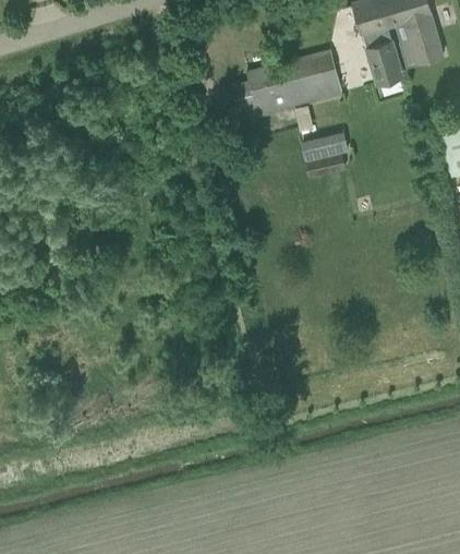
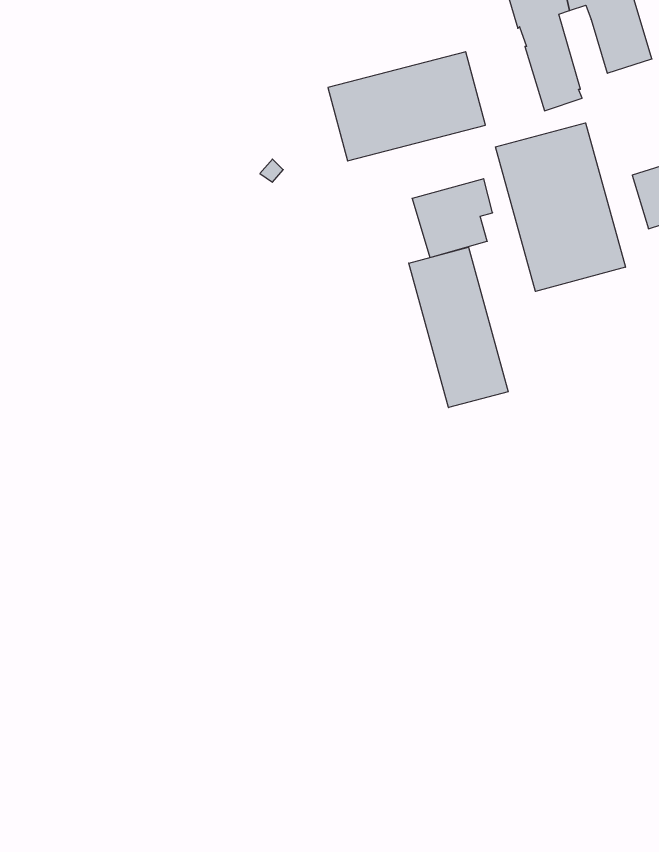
building: none -> [496,123,625,291]
building: none -> [409,247,508,408]

